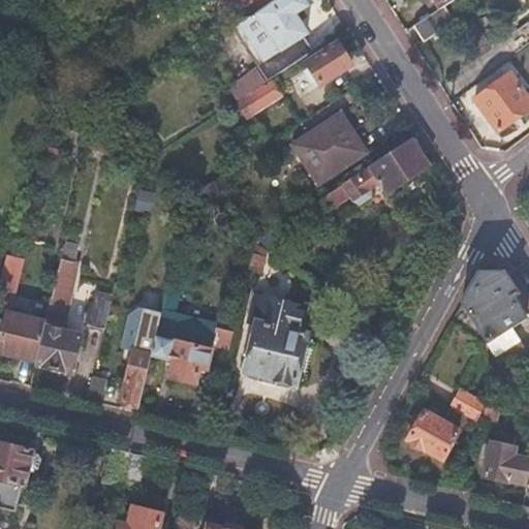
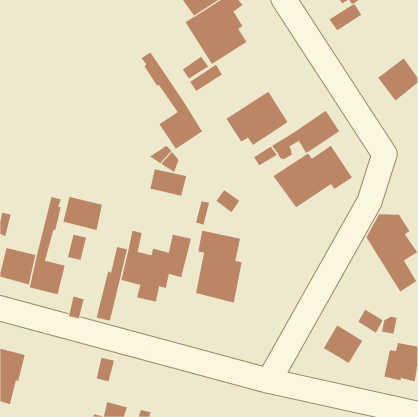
building: [307,44,351,86] -> none
building: none -> [141,52,203,150]
building: none -> [273,145,353,208]
building: none -> [150,169,187,197]
building: none -> [63,196,103,231]

